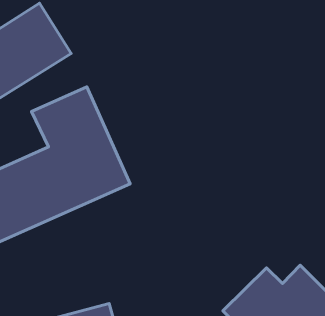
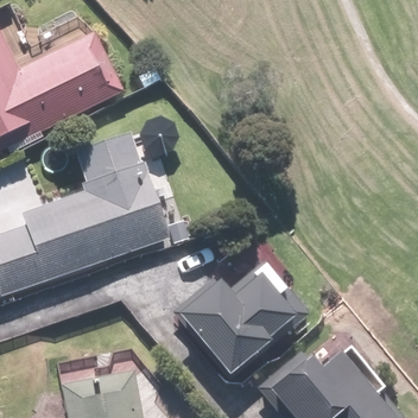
building: none -> [175,260,310,378]

